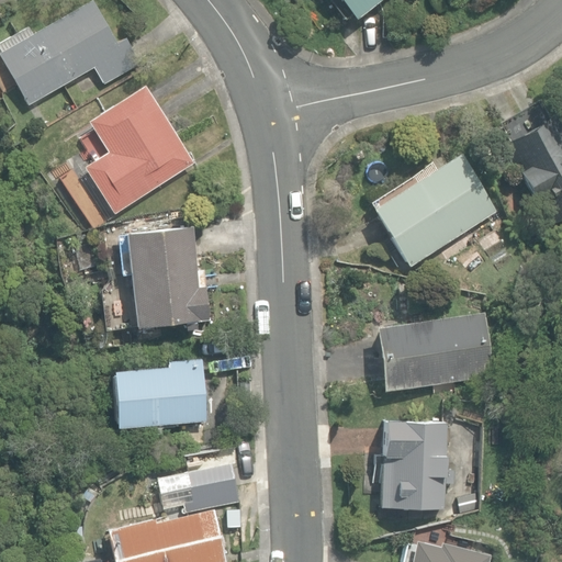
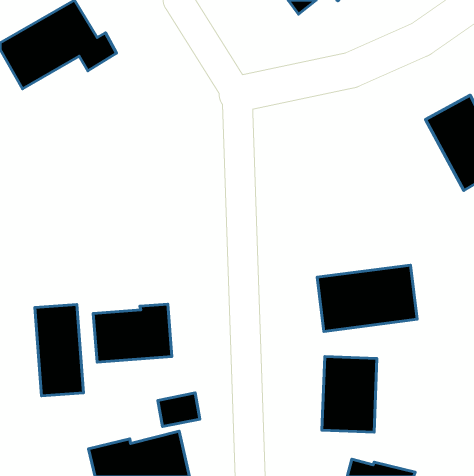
building: [87,86,194,214] -> none
building: [369,150,496,266] -> none
building: [126,226,210,330] -> none
building: none -> [35,304,83,396]

